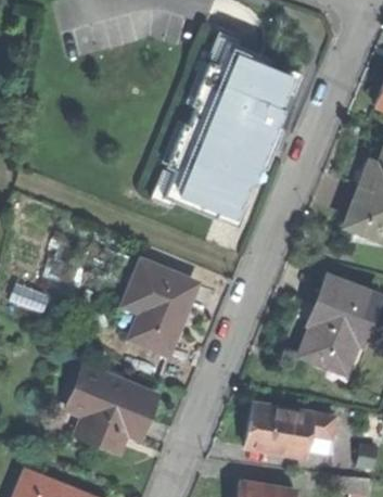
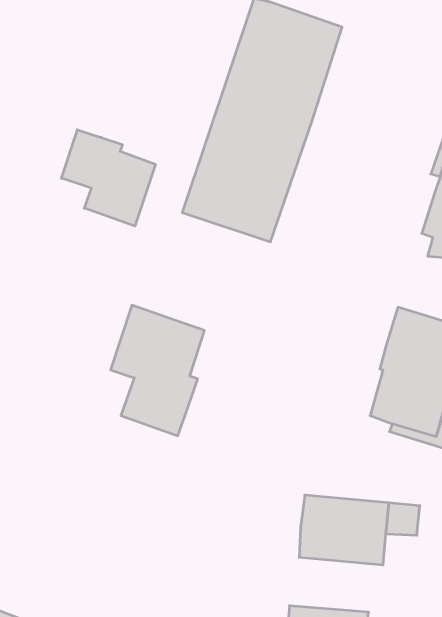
building: none -> [61,130,155,226]
building: [67,367,156,451] -> none

